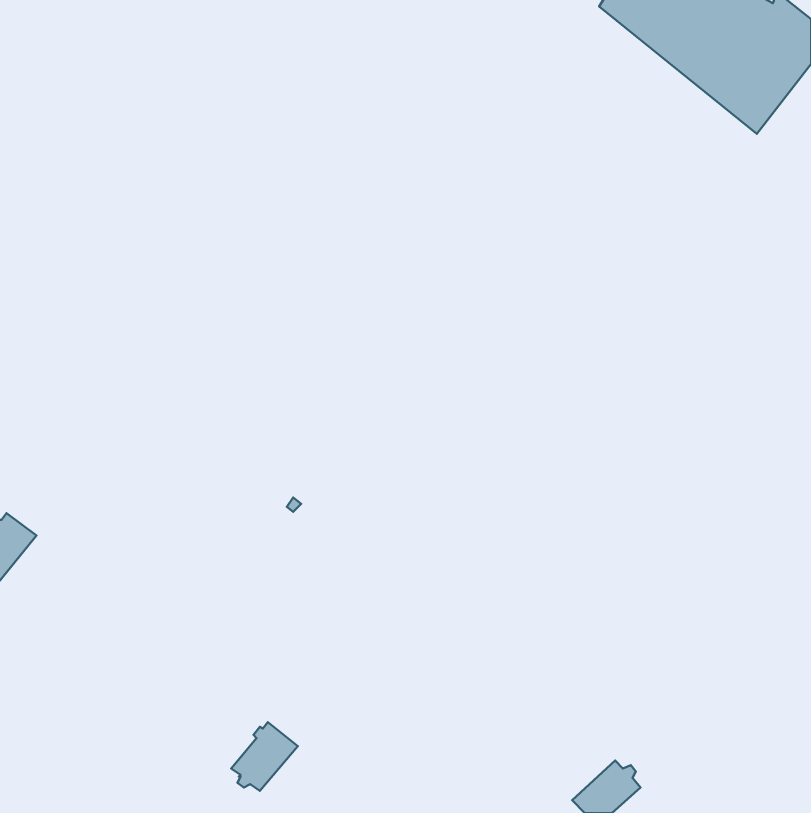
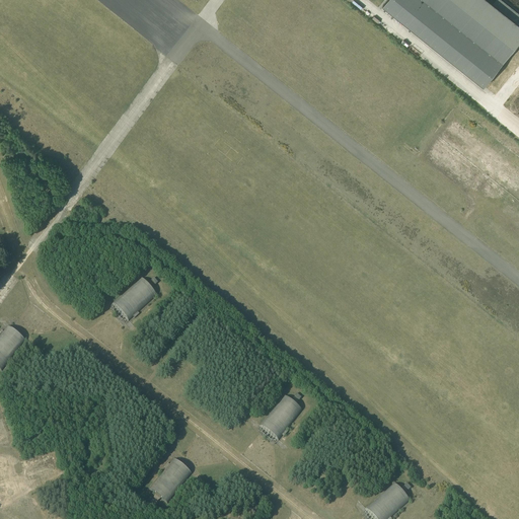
building: none -> [110,278,154,321]
building: none -> [257,395,300,440]

